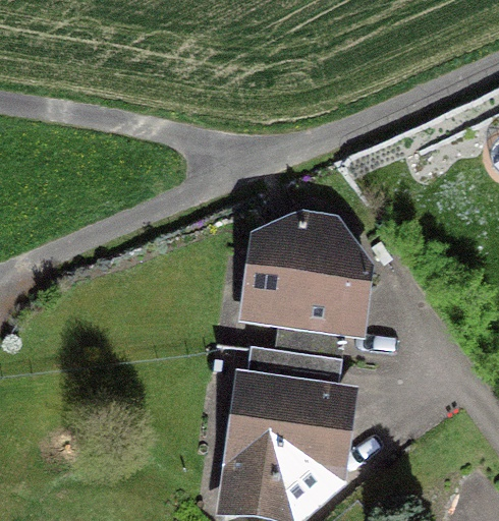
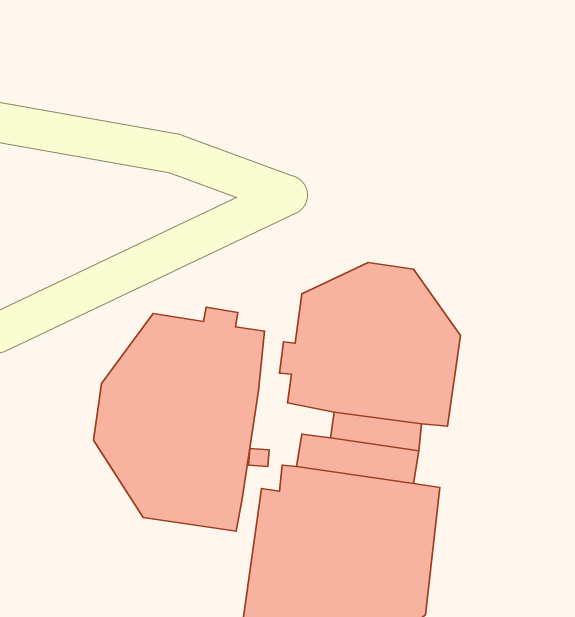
building: none -> [93,307,265,531]

